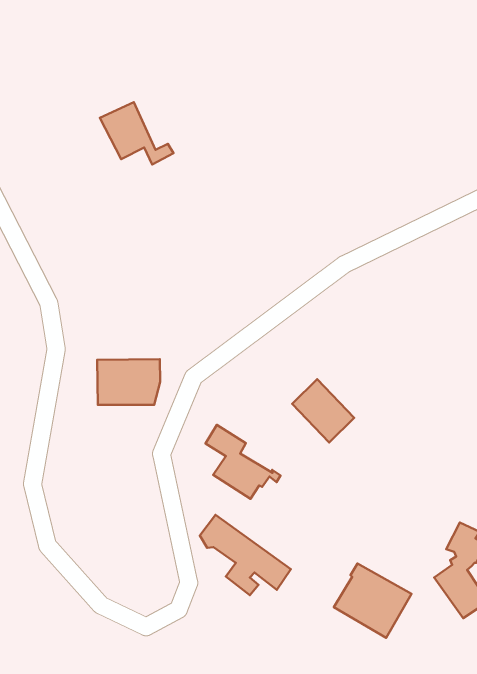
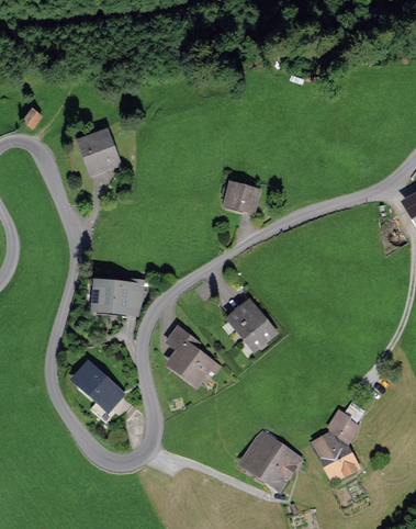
building: [100,102,174,165] -> [80,134,128,178]
building: none -> [226,187,255,212]
building: [200,515,291,595] -> [75,365,135,423]

